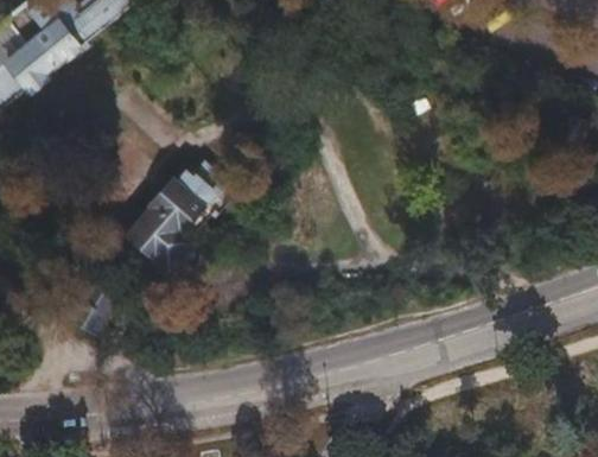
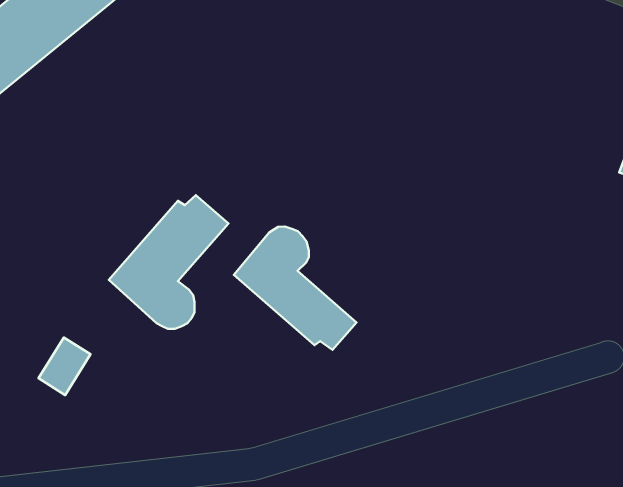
building: none -> [234,227,357,350]

